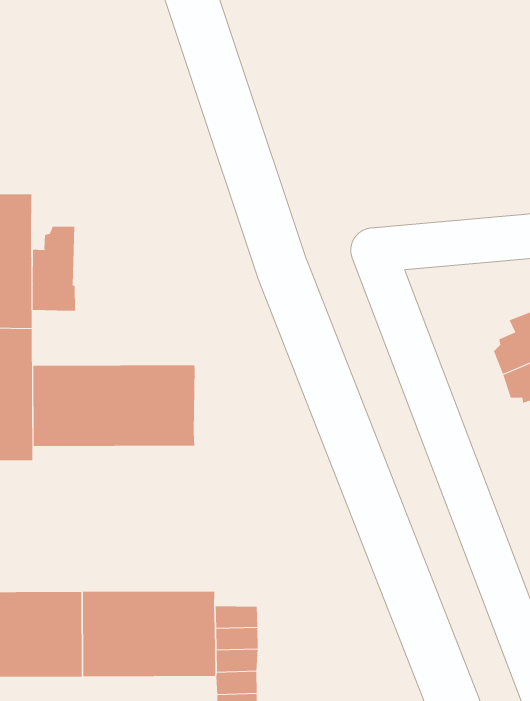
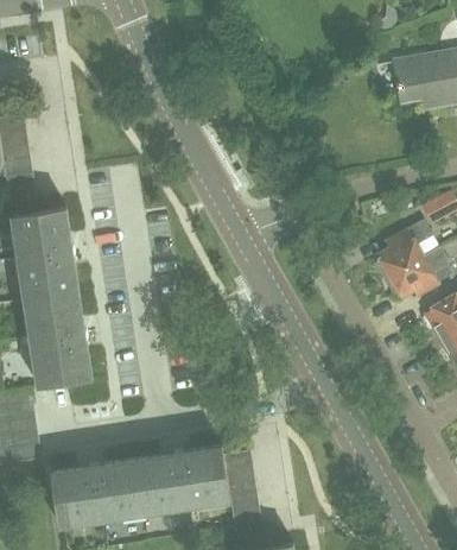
building: [32,226,75,311] -> none
building: [33,365,195,447] -> none

